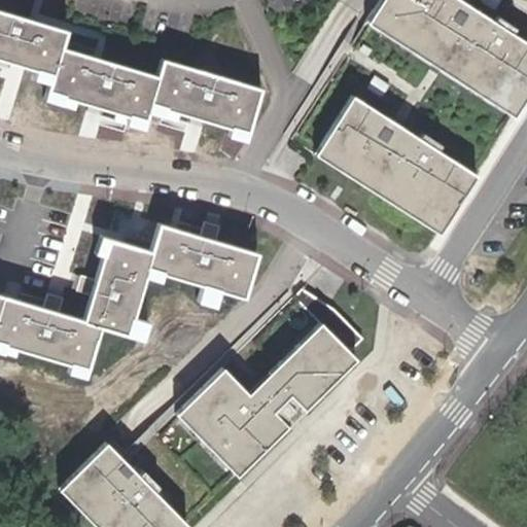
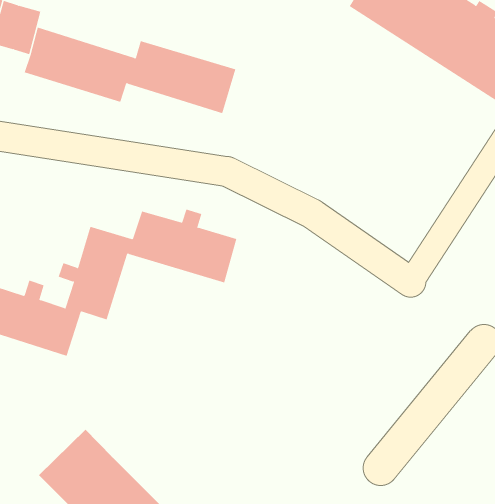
building: [316,96,479,235] -> none
building: [176,291,376,479] -> none

